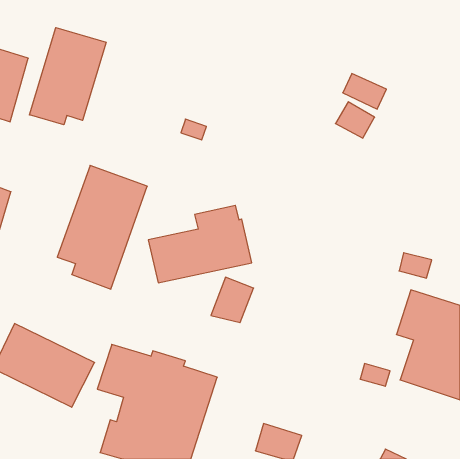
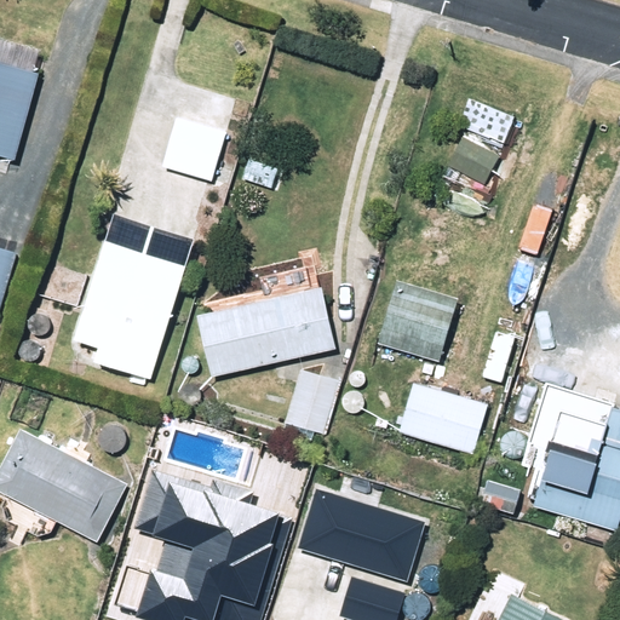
building: [29,28,106,125] -> none
building: none -> [161,115,224,182]
building: none -> [378,285,459,364]
building: none -> [398,383,486,453]
building: none -> [299,477,420,564]

